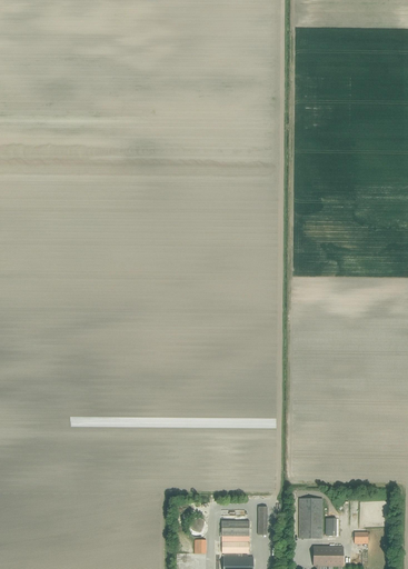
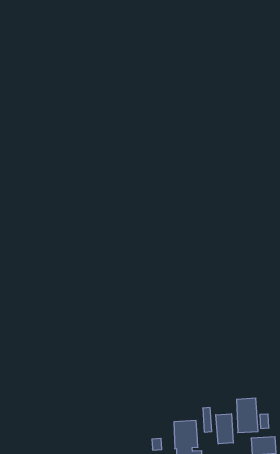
building: none -> [216,414,233,444]

